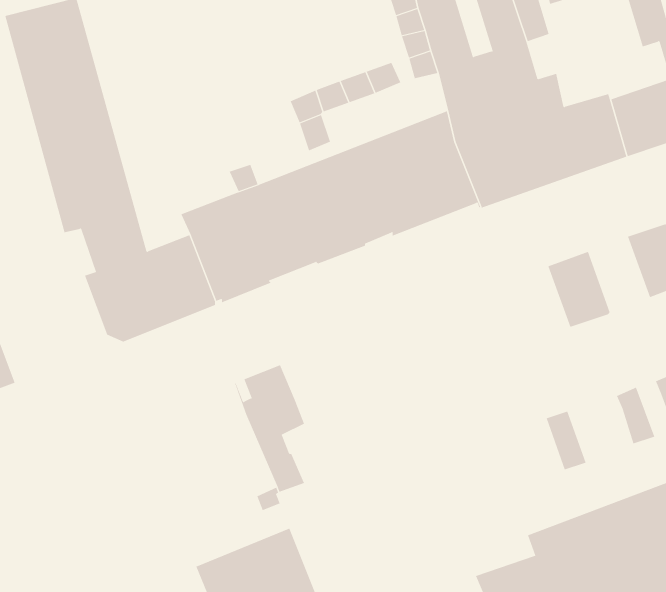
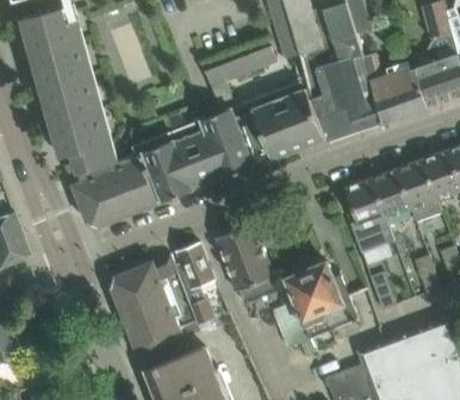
building: none -> [397,160,441,221]
building: none -> [344,179,393,252]
building: none -> [216,224,276,305]
building: none -> [111,254,184,355]
building: none -> [285,262,358,338]

